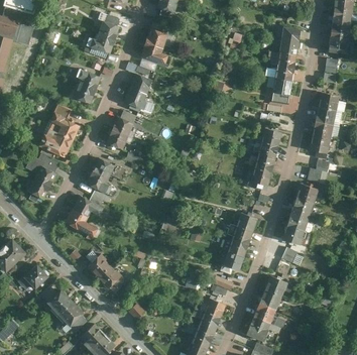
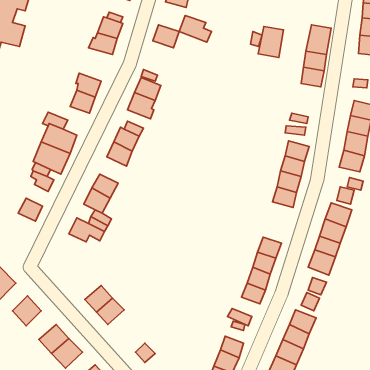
building: [140,39,168,63] -> [179,16,211,42]
building: [270,77,292,104] -> [258,26,283,57]
building: [25,155,55,185] -> none
building: [65,209,97,236] -> none

